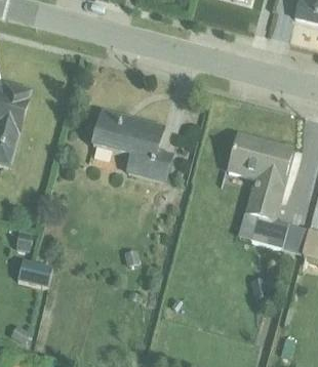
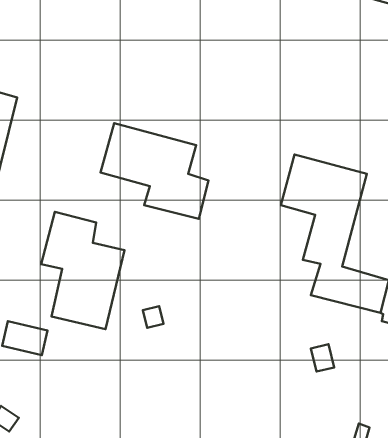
building: none -> [41,212,125,329]

